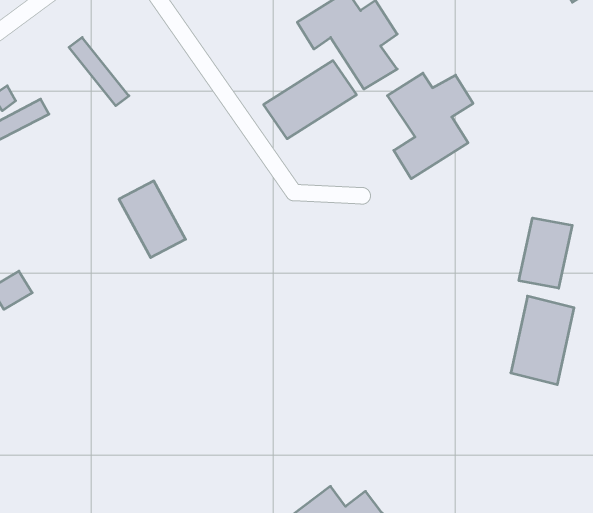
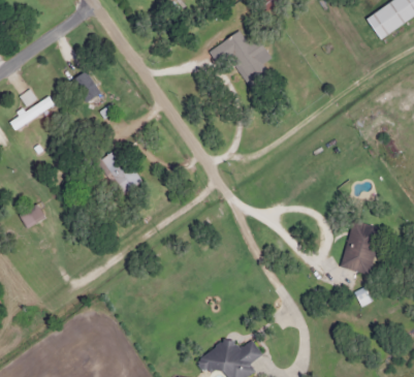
building: [264,61,356,139] -> none
building: [387,73,473,179] -> none
building: [519,218,572,288] -> none

